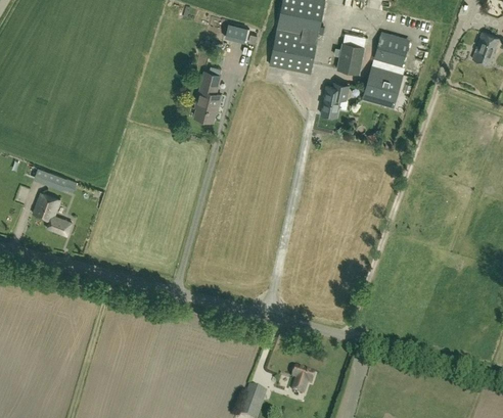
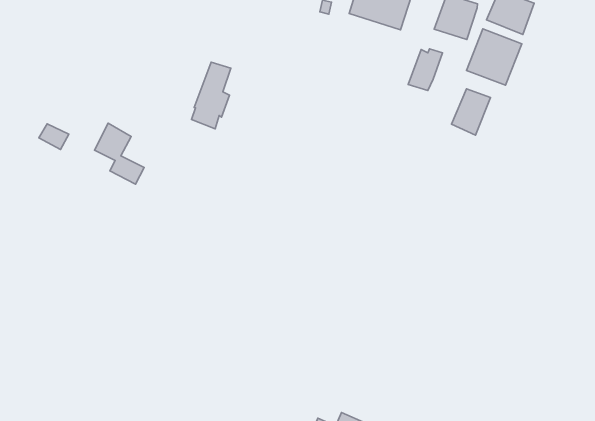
building: [194,72,221,122] -> [192,62,231,129]
building: none -> [452,89,490,135]
building: [33,192,72,236] -> [95,123,144,184]

